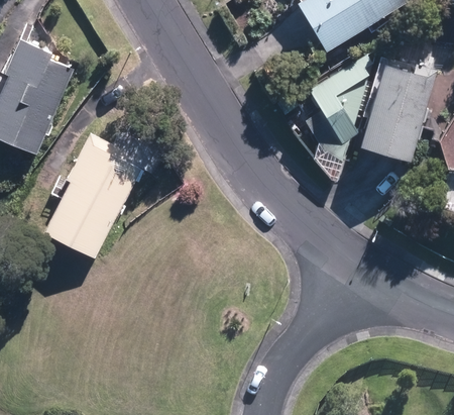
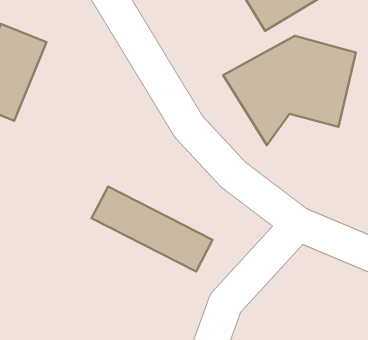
building: [43,131,146,260] -> none
building: none -> [92,187,212,272]

